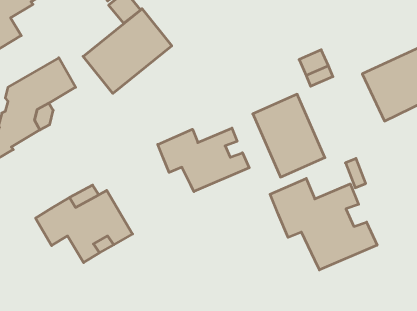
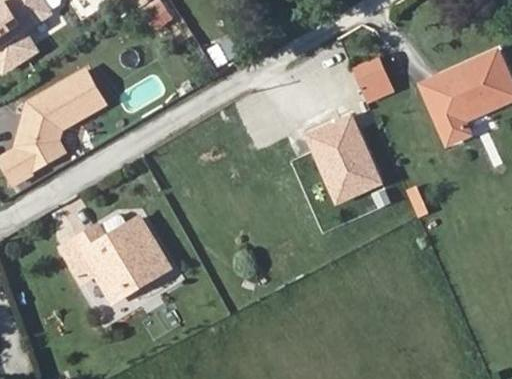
building: [83,9,172,93] -> none
building: [158,128,249,192] -> none
building: [270,178,377,270] -> none

